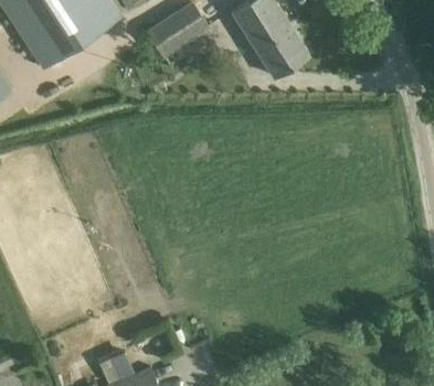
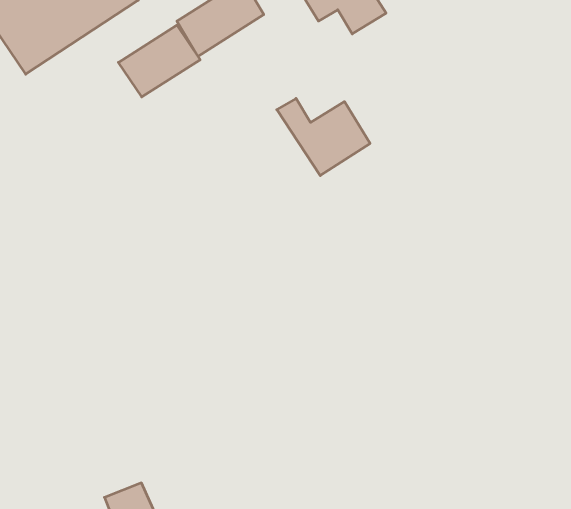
building: [244,24,308,77] -> [277,98,370,176]
building: none -> [118,25,200,97]

